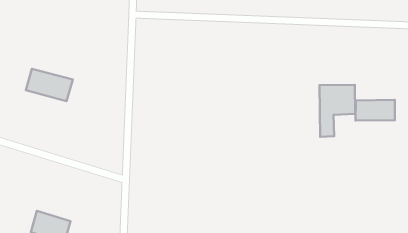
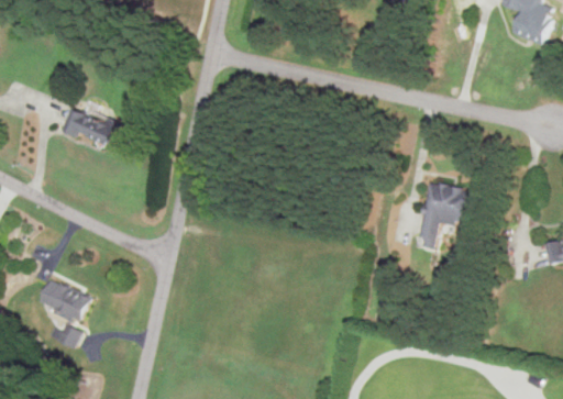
building: [356,100,395,121] -> none

